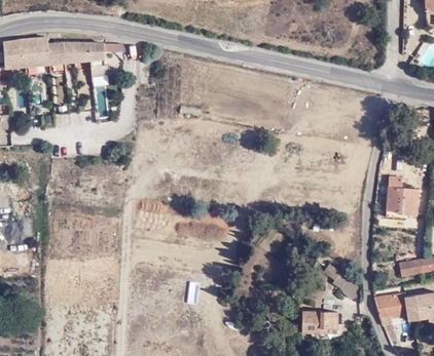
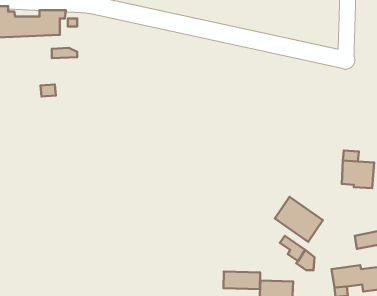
building: none -> [275,197,323,242]
building: none -> [224,271,260,289]

